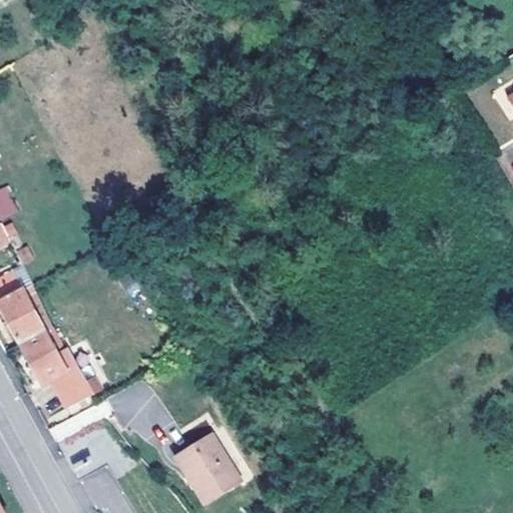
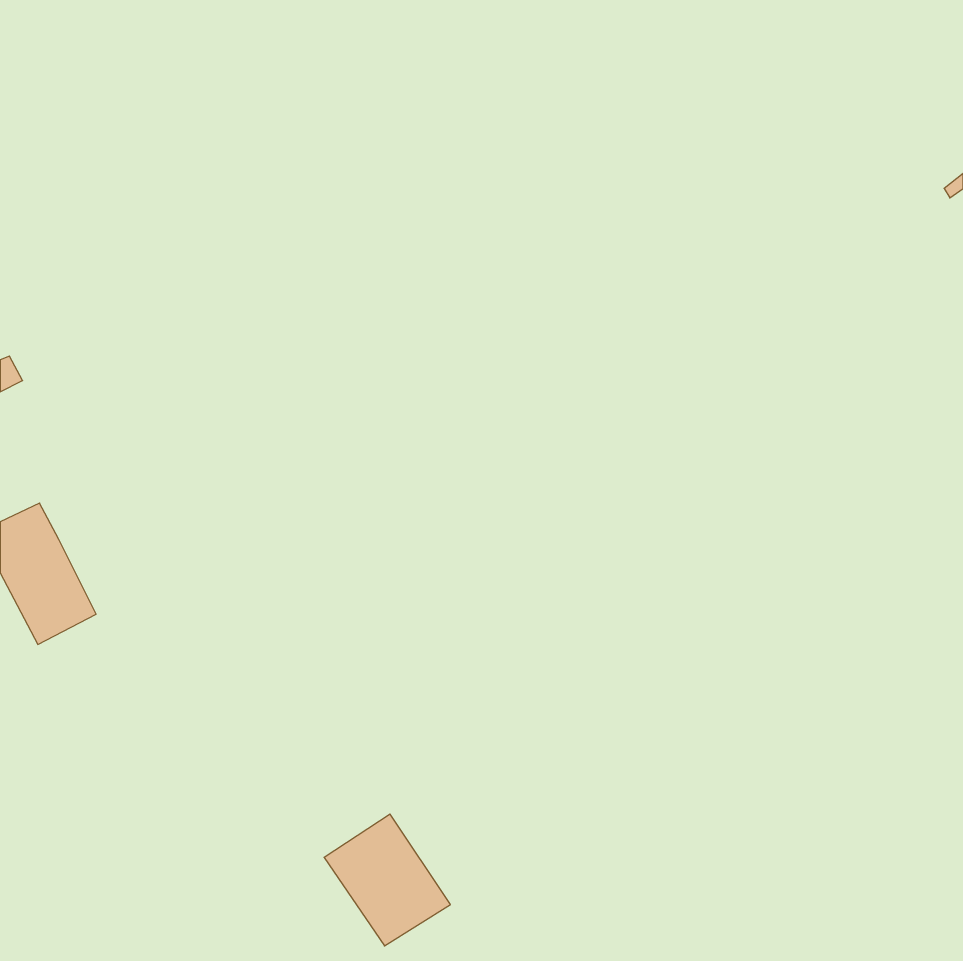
building: [20,327,99,409] -> none

